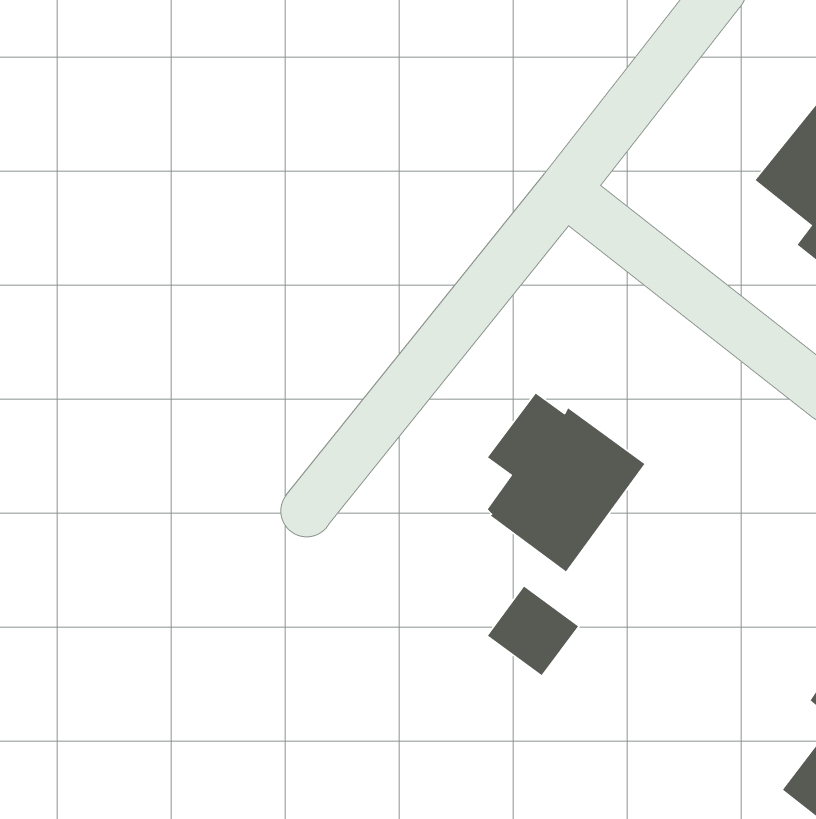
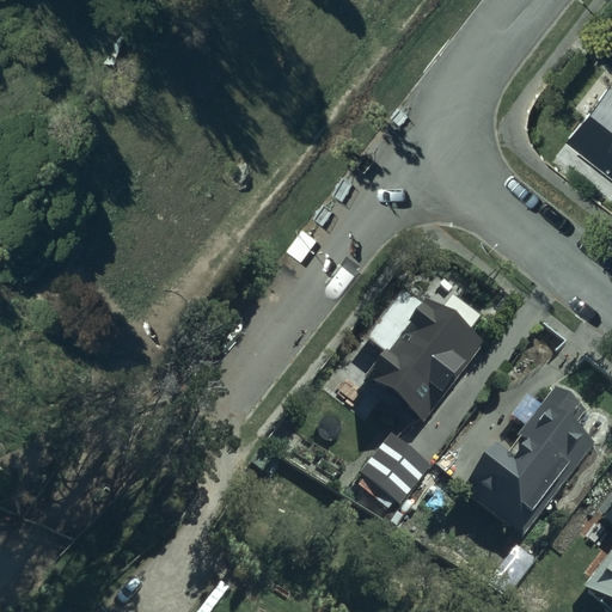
building: none -> [470,387,594,534]

